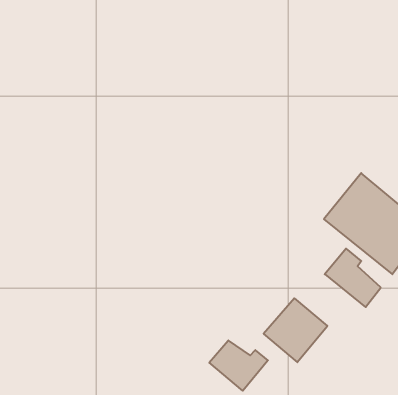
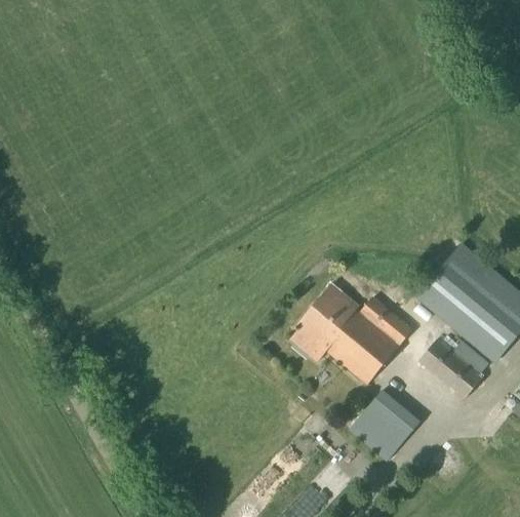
building: none -> [290,283,414,384]
building: [209,340,268,391] -> none

